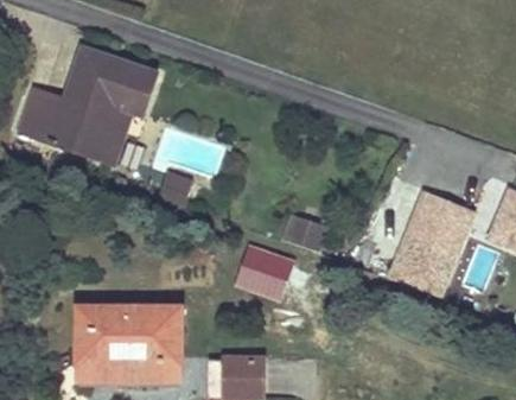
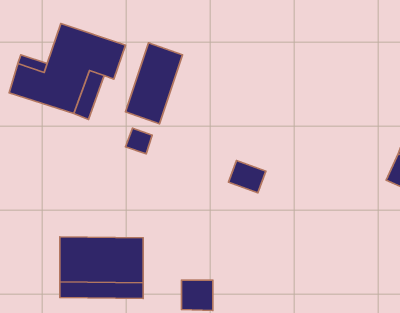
building: none -> [125,43,182,124]
building: [387,189,473,294] -> none
building: [235,245,293,300] -> none

